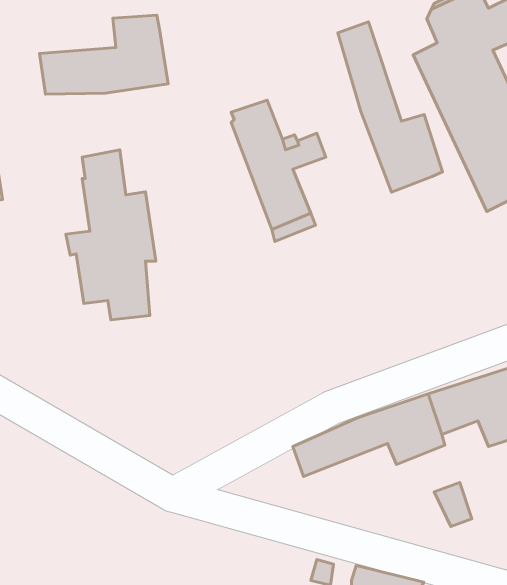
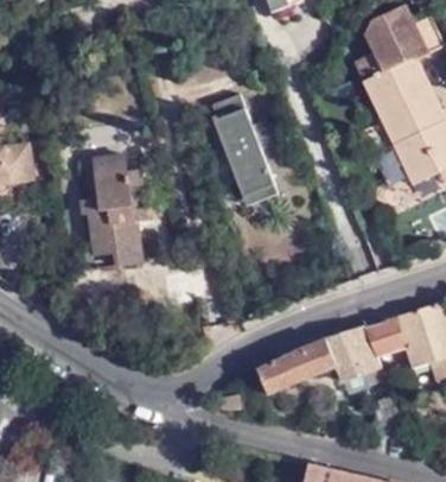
building: [40,15,168,94] -> none
building: [338,22,443,192] -> none

